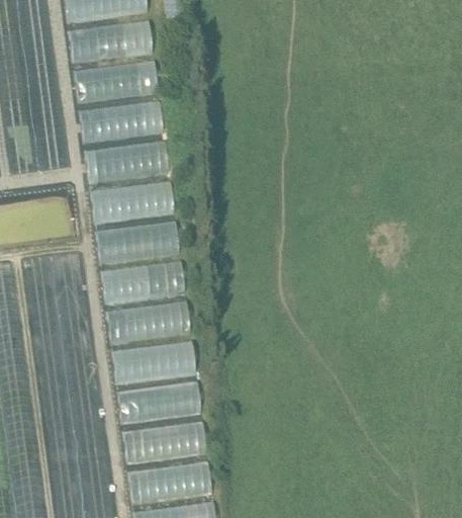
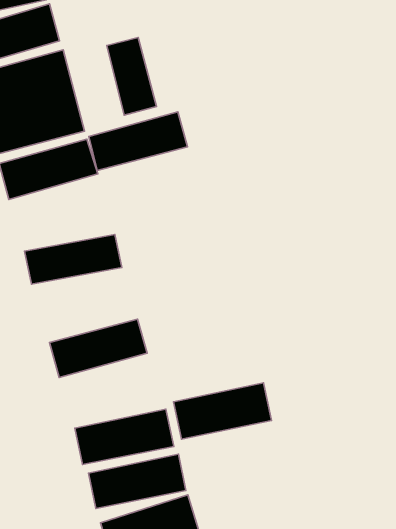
building: none -> [107,38,157,115]
building: [90,182,174,223] -> [89,112,188,171]
building: [101,263,184,303] -> none
building: [112,344,194,382] -> [174,383,271,439]

